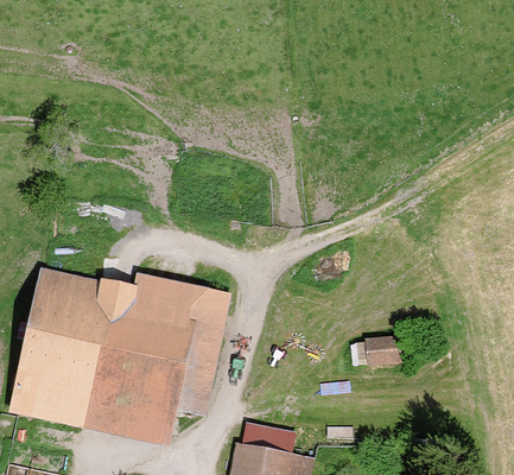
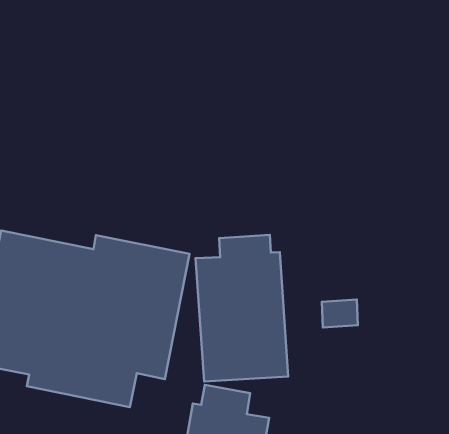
building: none -> [196,235,288,382]

